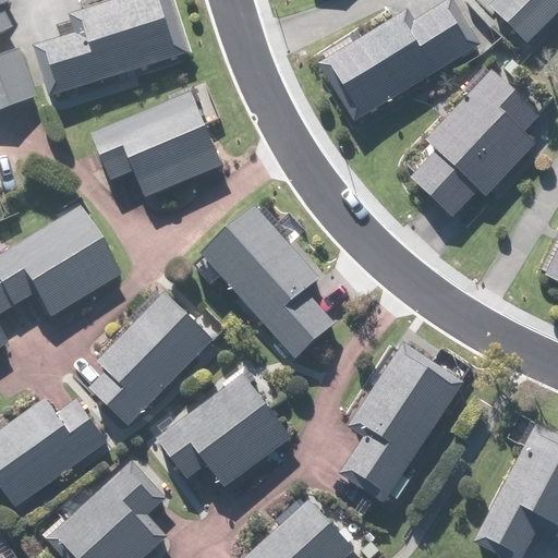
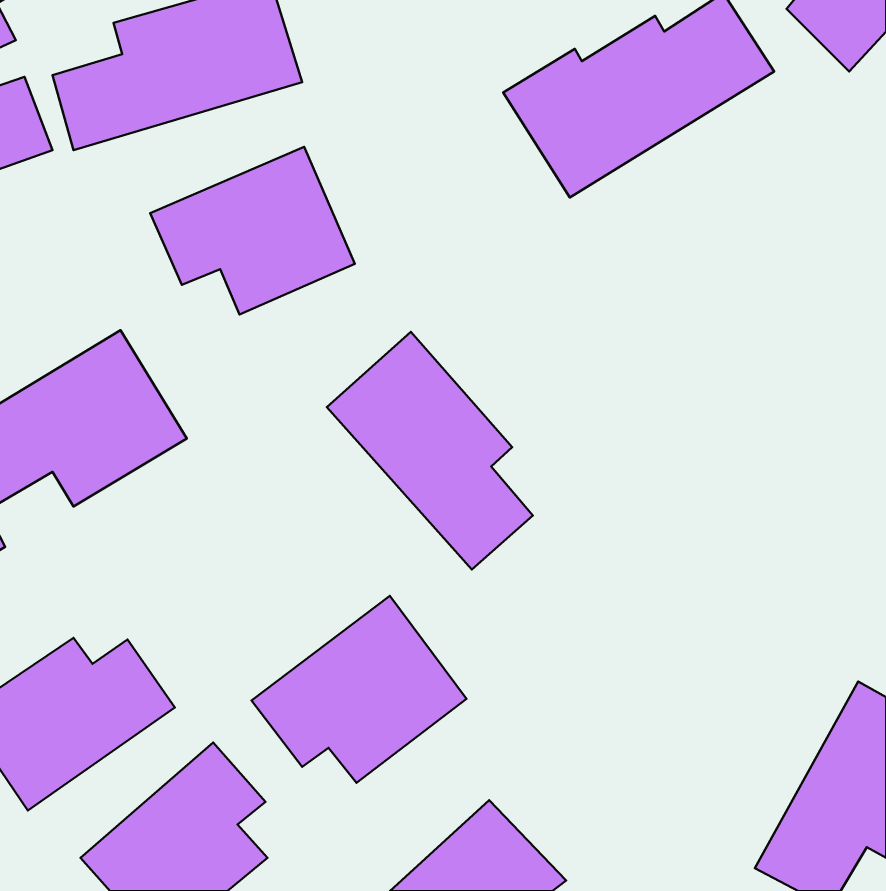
building: [409,70,544,219] -> none
building: [90,292,211,423] -> none
building: [339,343,463,502] -> none

